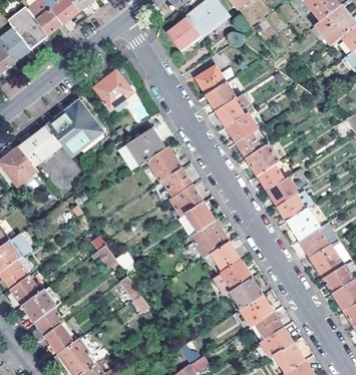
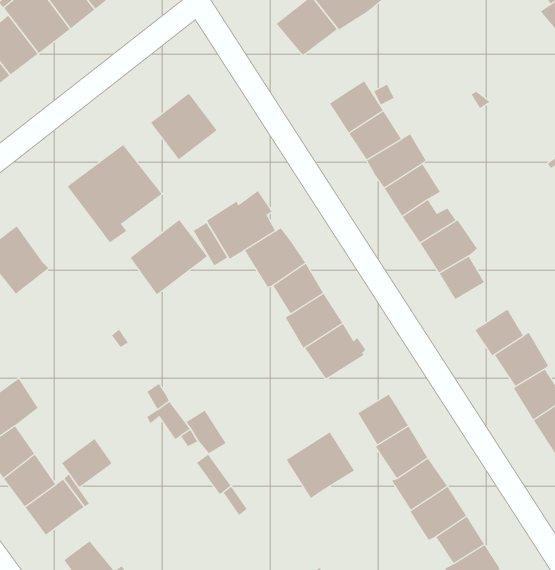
building: [18,124,62,167] -> [130,219,208,295]
building: [266,175,298,206] -> none
building: [190,220,229,258] -> [286,432,355,499]
building: [34,308,63,336] -> [61,438,113,488]

